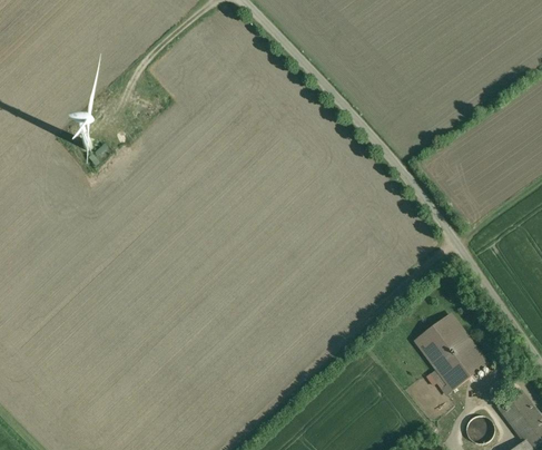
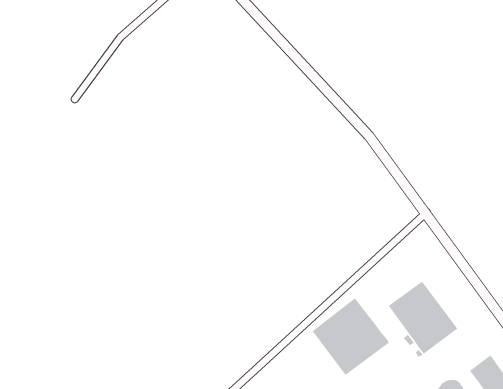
building: none -> [312,298,390,376]

